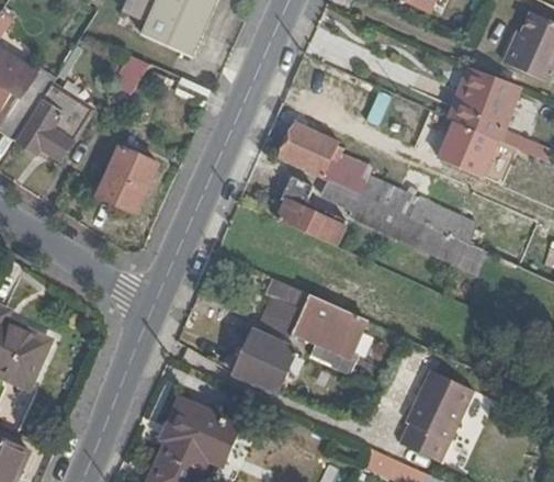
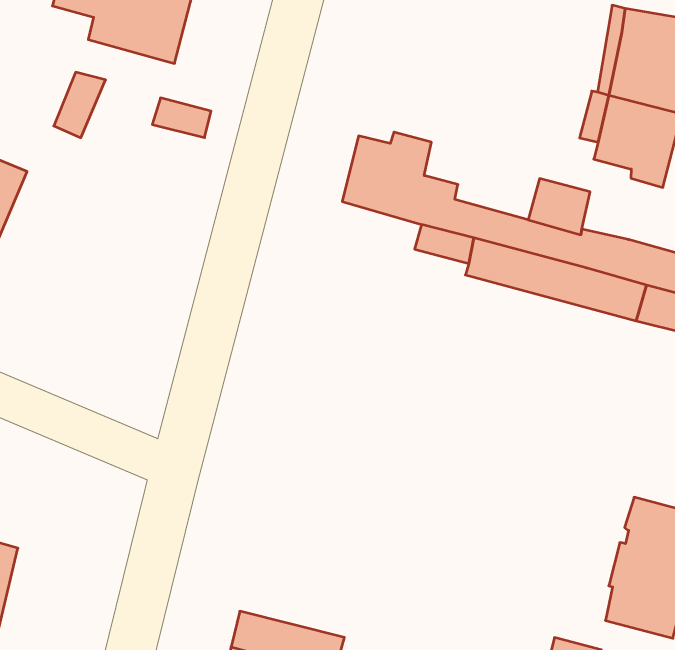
building: [97,146,158,212] -> none
building: [274,177,344,246] -> none
building: [263,278,372,373] -> none
building: [233,330,296,393] -> none

